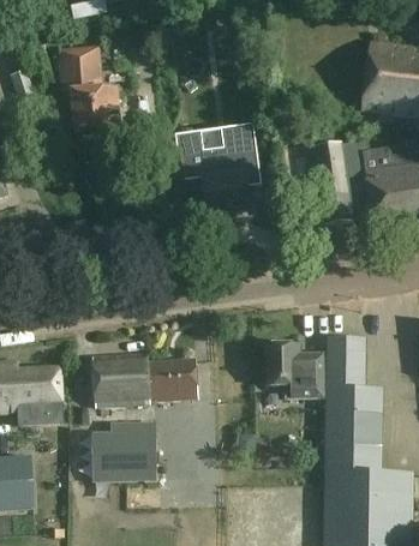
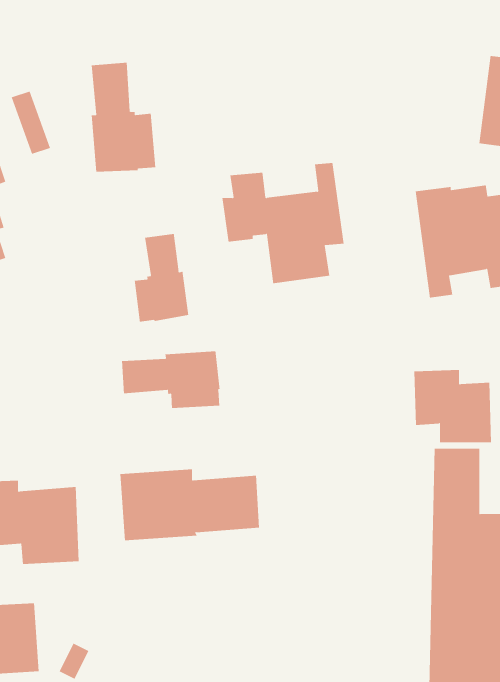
building: none -> [134,233,189,322]
building: none -> [121,350,220,409]
building: [265,342,324,397] -> [414,370,492,443]
building: [90,419,155,480] -> none

